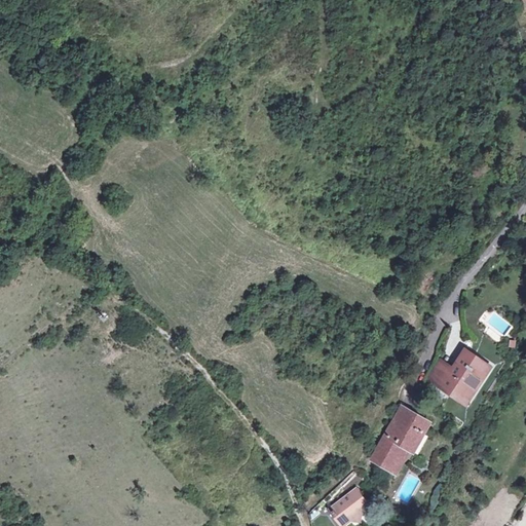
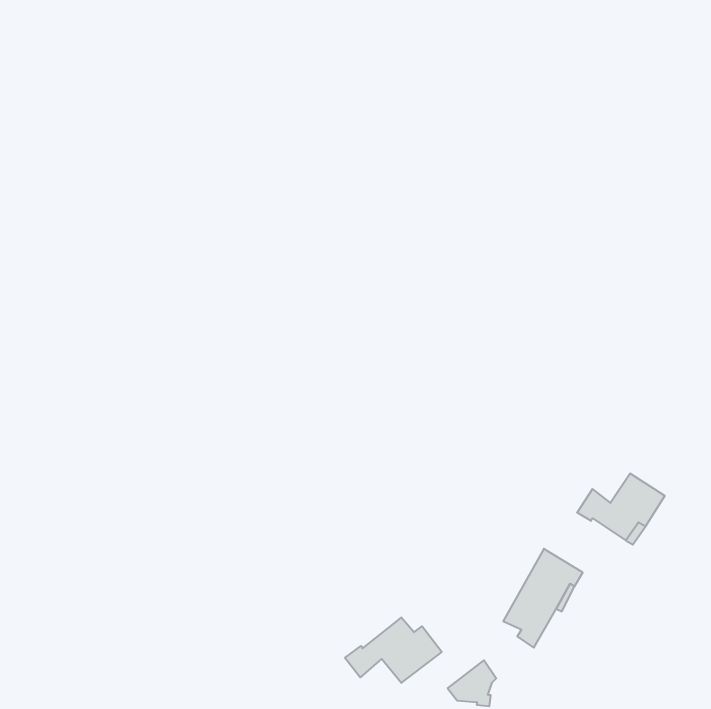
building: none -> [345,617,442,683]

